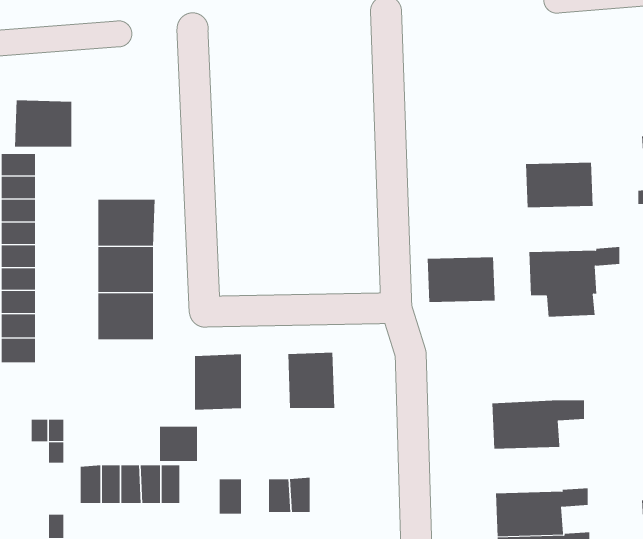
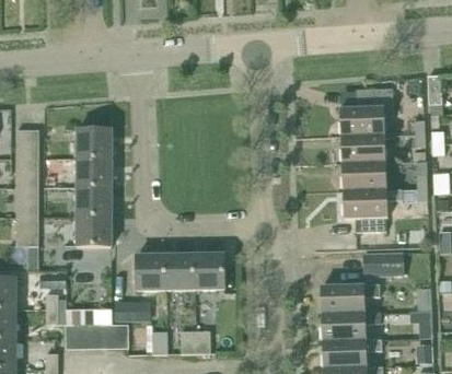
building: none -> [341,87,393,137]
building: [14,100,72,147] -> [77,129,113,159]
building: [427,257,495,303] -> [344,163,386,191]
building: none -> [363,253,404,277]
building: none -> [166,255,196,289]
building: none -> [323,311,380,341]

